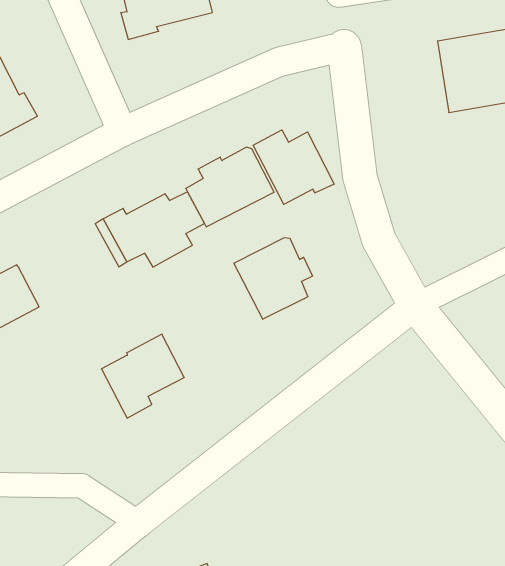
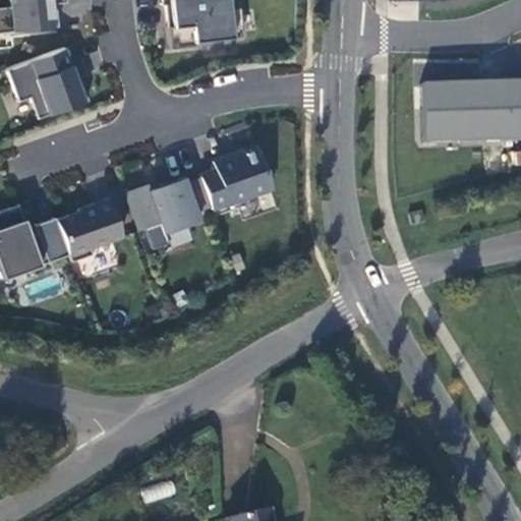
building: [253,130,334,204] -> none
building: [234,238,313,319] -> none
building: [101,334,184,418] -> [58,197,124,262]

